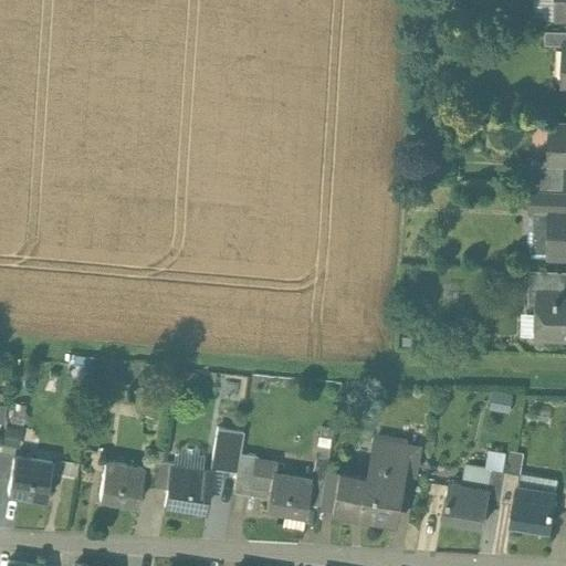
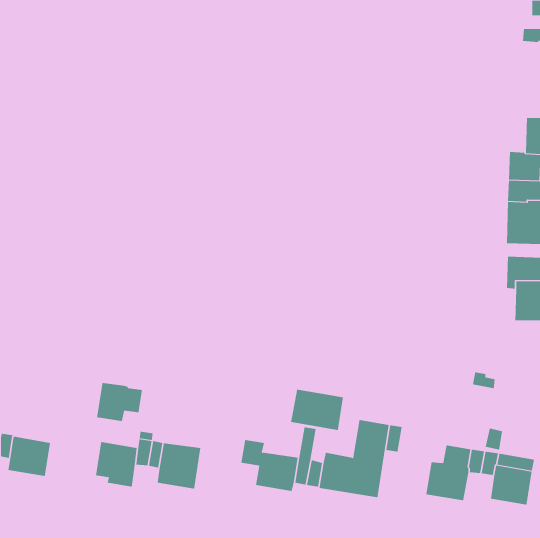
building: none -> [96,382,142,422]
building: none -> [290,389,344,431]
building: [211,430,244,475] -> none

